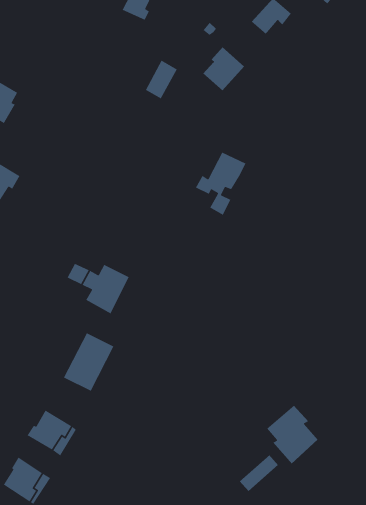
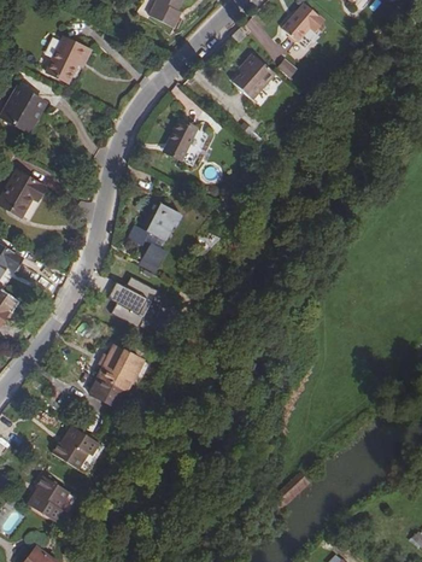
building: none -> [47,37,90,82]
building: [145,60,178,100] -> [164,118,198,159]
building: [195,151,247,216] -> [128,200,181,267]
building: [266,405,319,465] -> none

